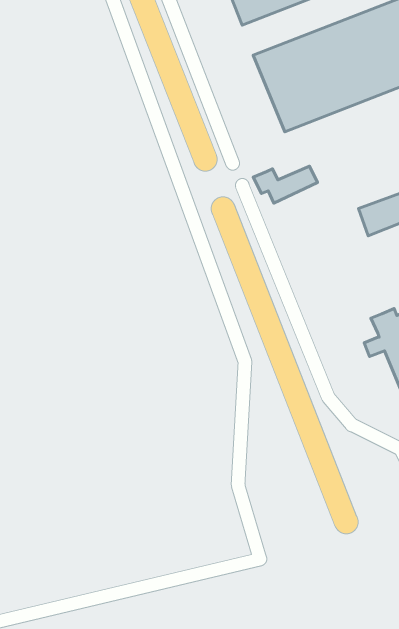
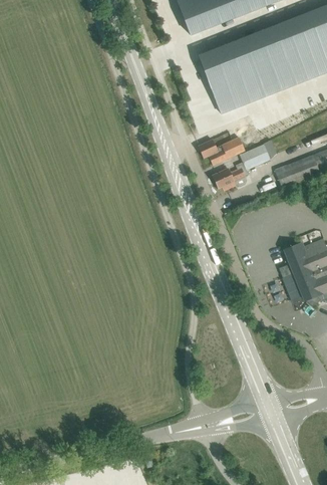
building: none -> [212,144,270,189]

